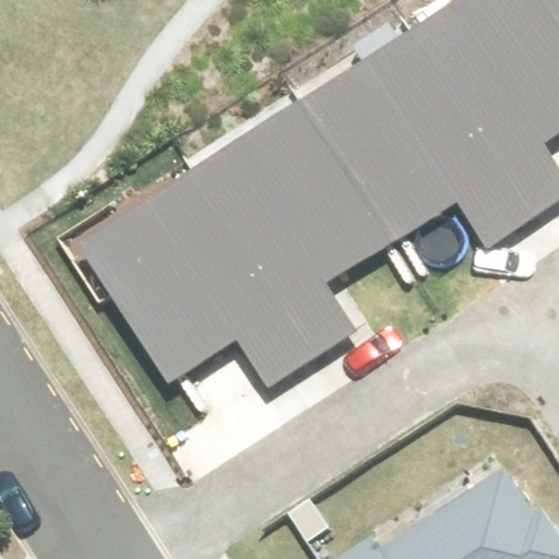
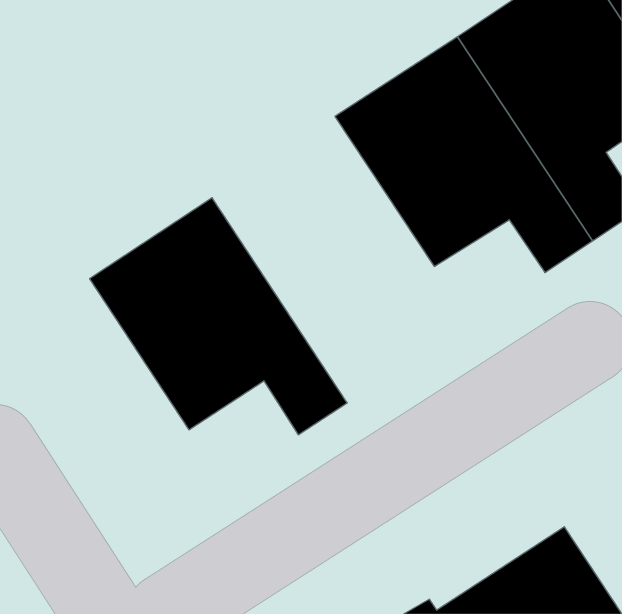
building: [189,104,386,358] -> none

